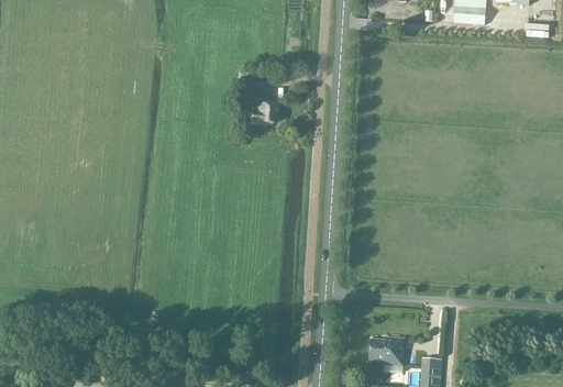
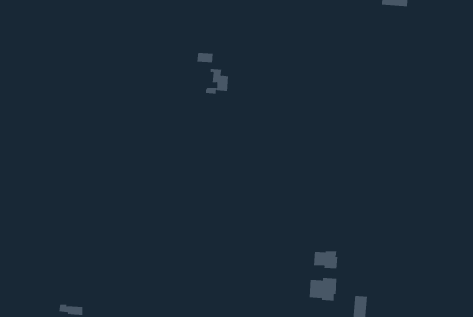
building: none -> [313,250,338,269]

